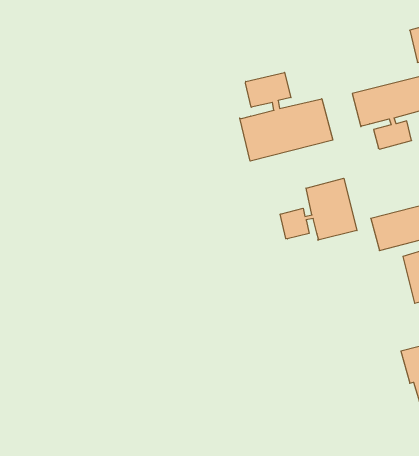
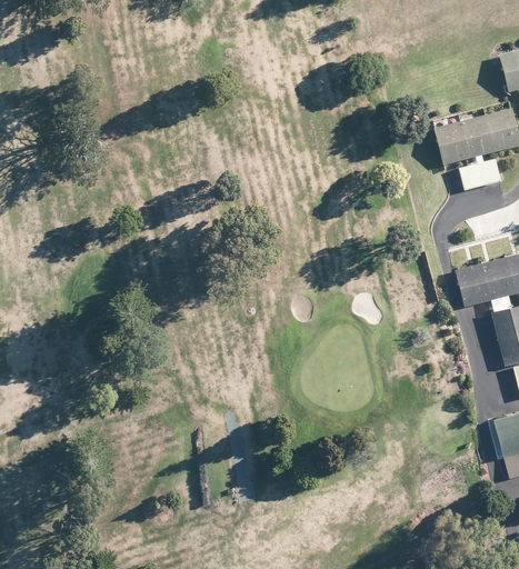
building: [240,72,333,161] -> none
building: [280,178,357,240] -> none

